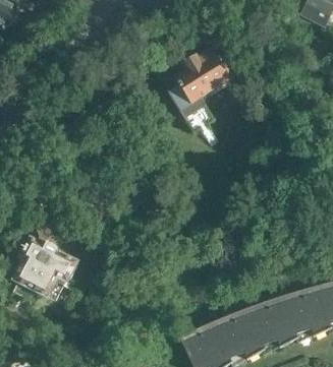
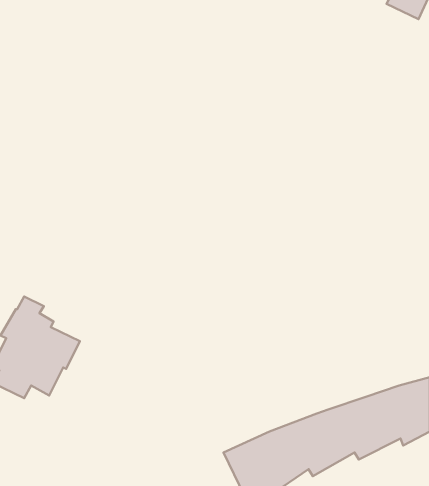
building: [162,44,229,117] -> none

